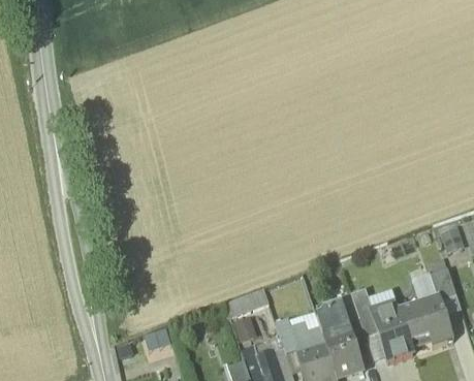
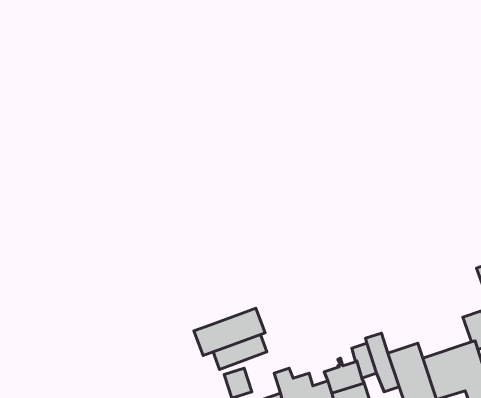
building: none -> [194,308,265,355]

